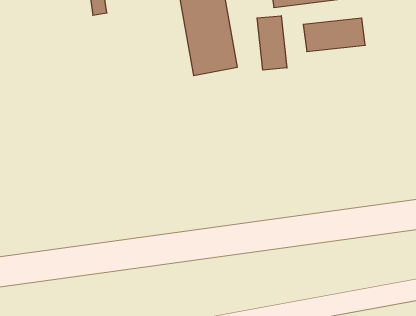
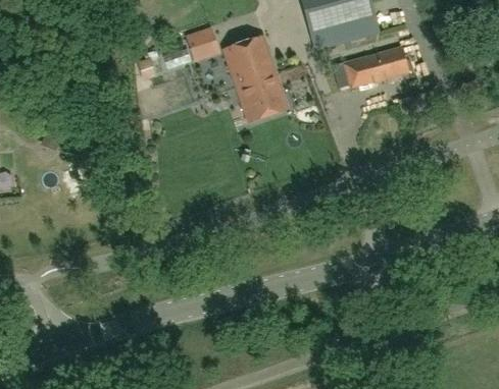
building: [257,16,287,70] -> none

